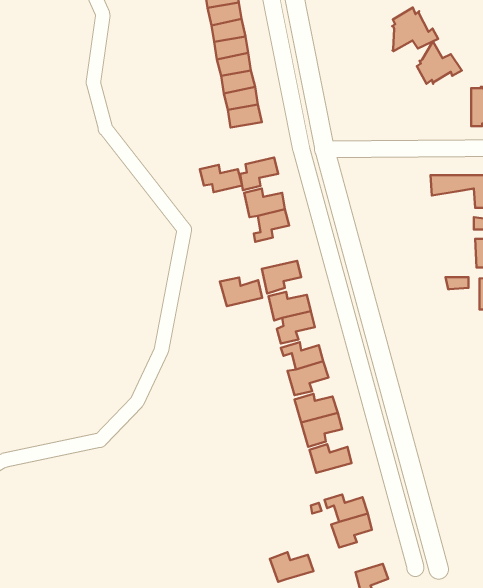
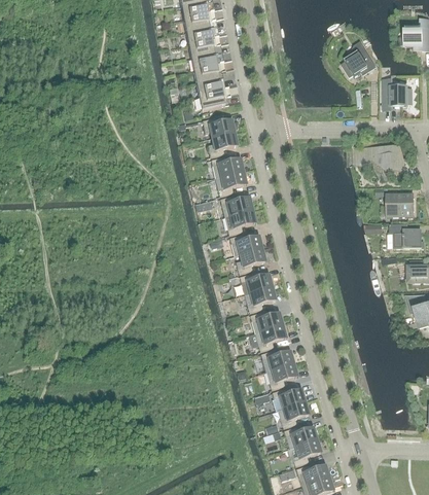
building: [392,8,438,51] -> none
building: [200,165,242,192] -> [203,115,235,136]
building: [220,278,262,306] -> [220,193,252,215]
building: none -> [266,362,297,388]
building: [270,552,313,582] -> [284,424,317,447]

